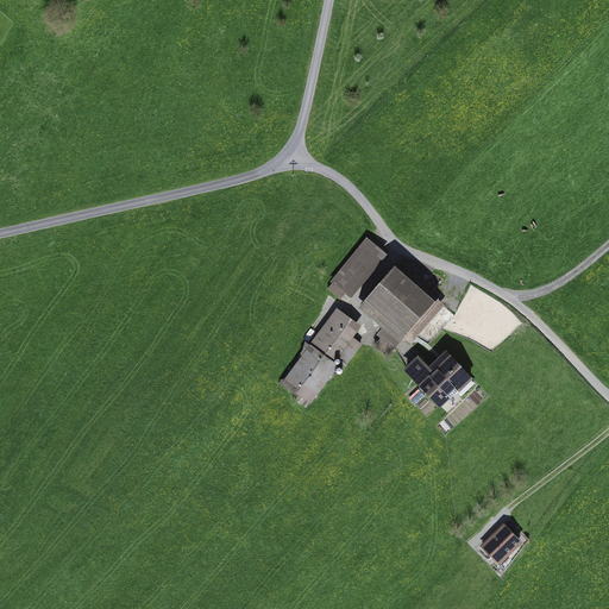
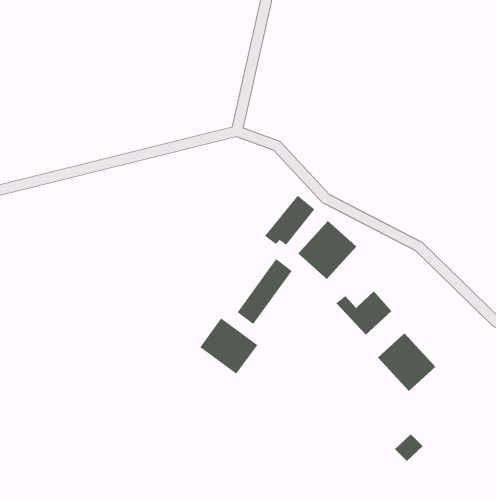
building: none -> [199,318,258,375]
building: none -> [377,333,436,392]

